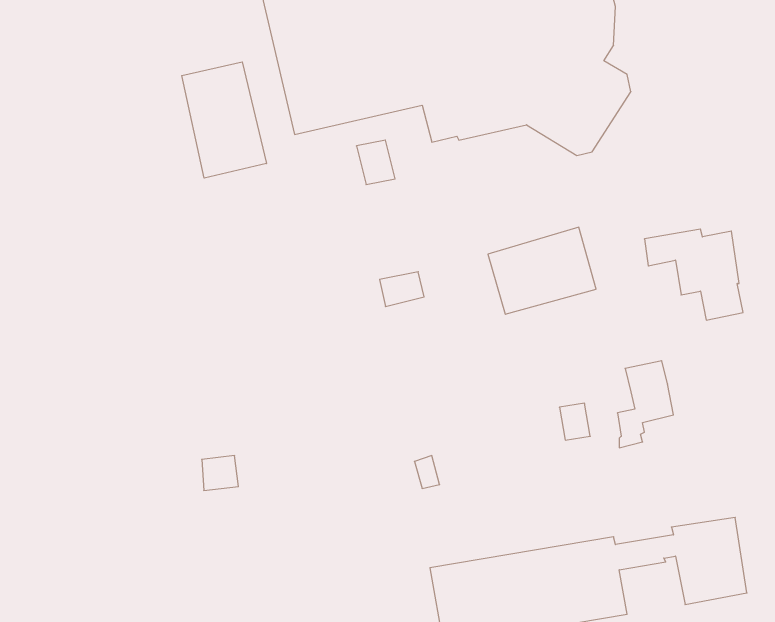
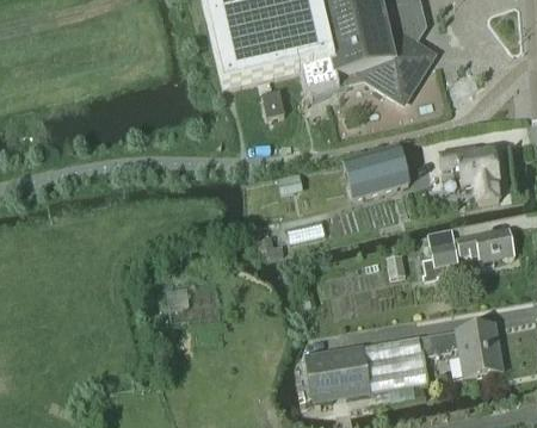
building: [182,62,266,178] -> none
building: none -> [459,228,514,265]

